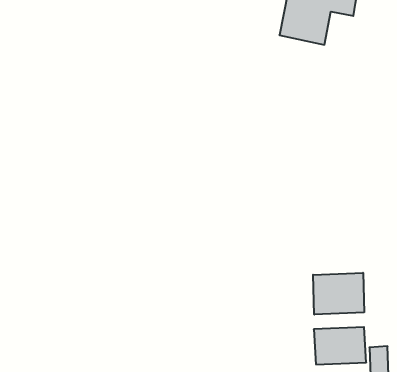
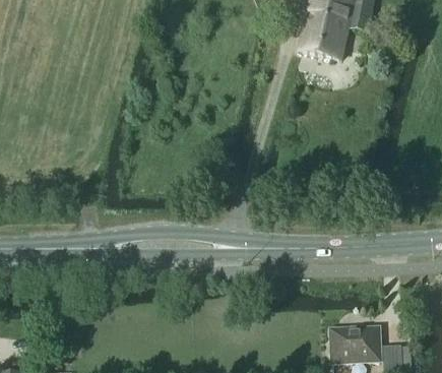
building: [313,273,364,315] -> none

